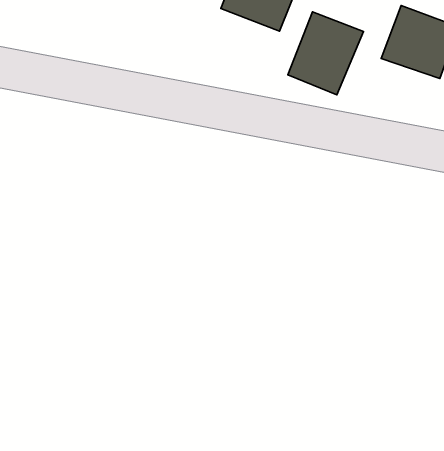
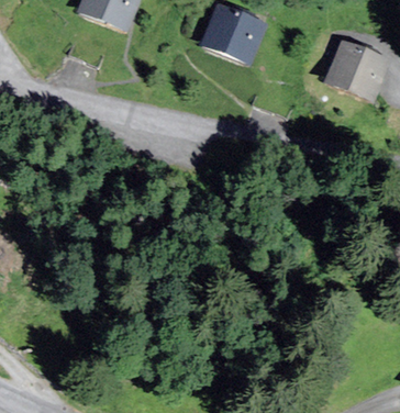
building: [288,12,364,95] -> none

